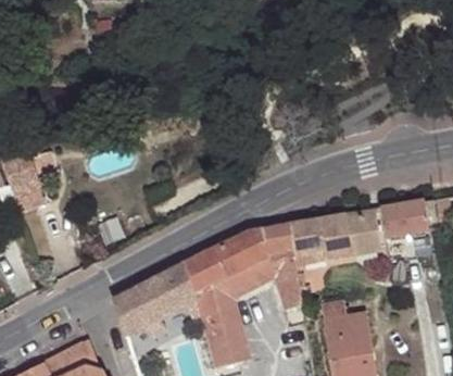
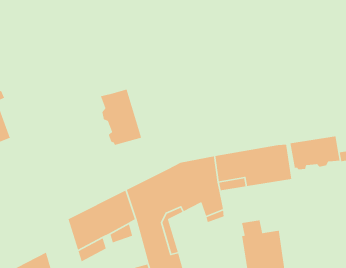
building: none -> [100,88,142,146]

